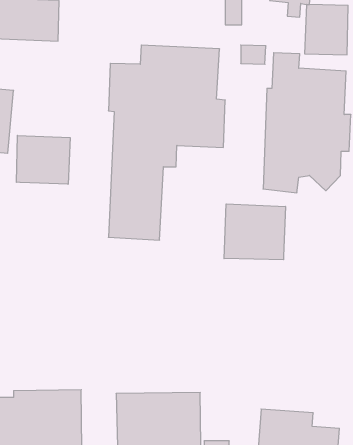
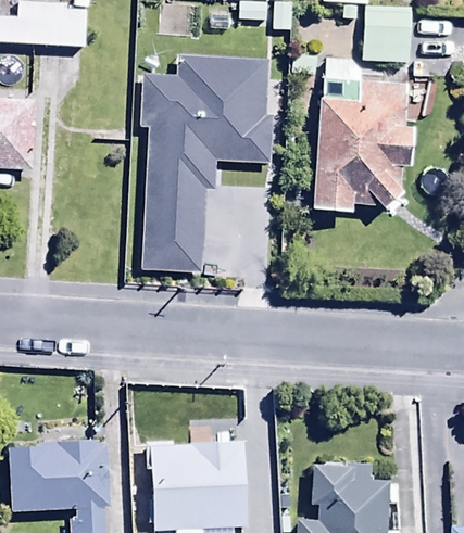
building: [16,135,70,184] -> none
building: [224,204,285,260] -> none

